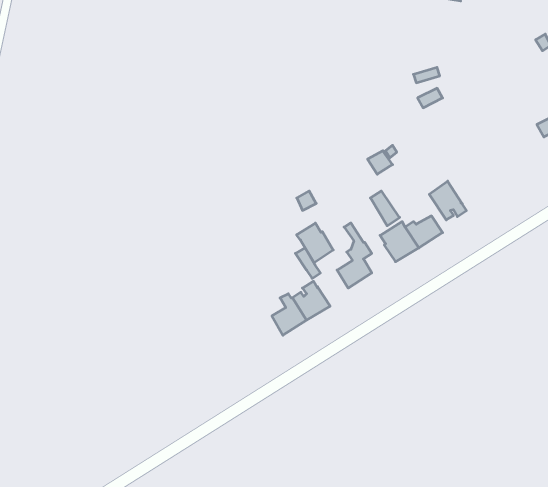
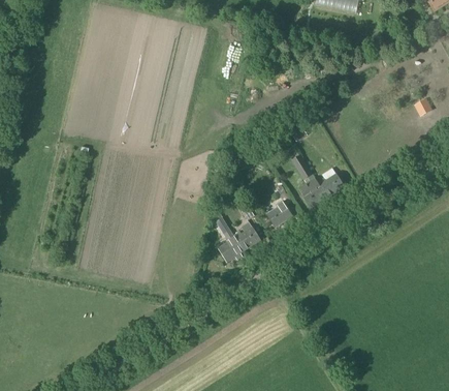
building: [429,181,466,220] -> none
building: [297,223,333,263] -> none

